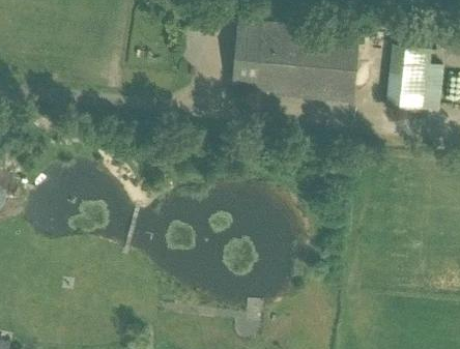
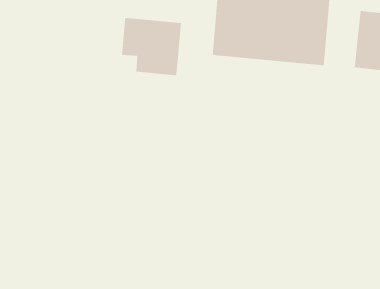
building: none -> [122,17,182,76]

